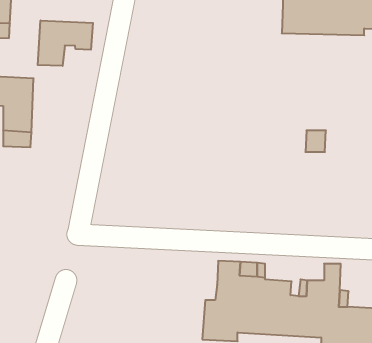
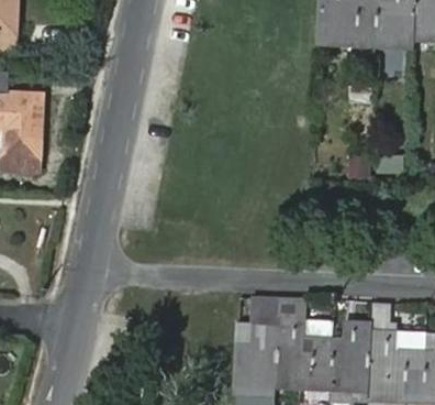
building: [38,20,93,66] -> none

